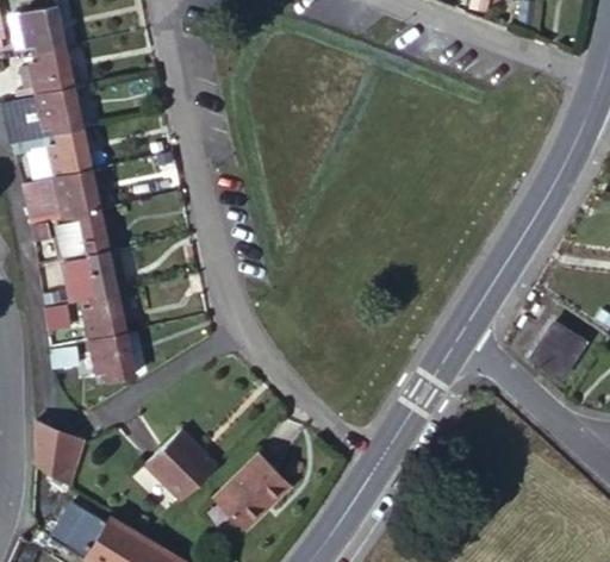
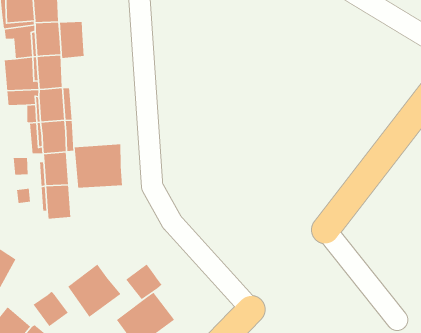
building: none -> [59,21,85,59]
building: none -> [74,143,123,188]
building: [531,316,585,368] -> none
building: none -> [125,264,162,300]
building: none -> [33,291,69,327]

